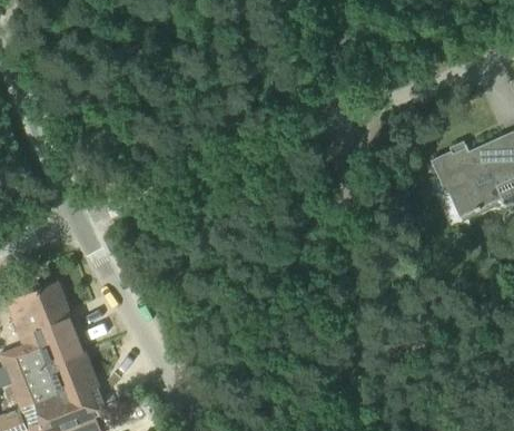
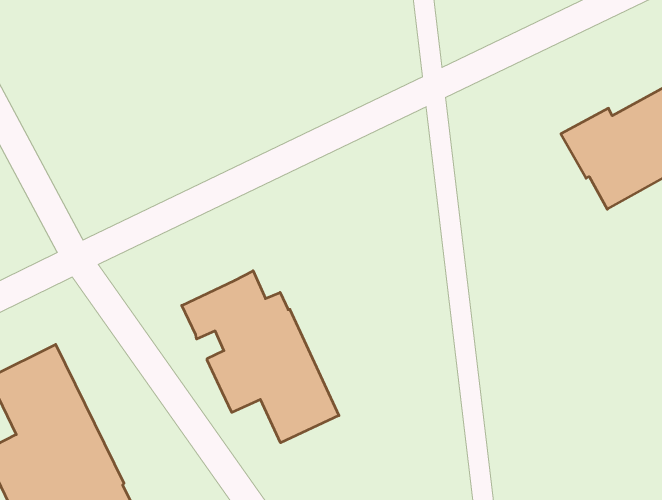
building: none -> [182,271,339,443]

